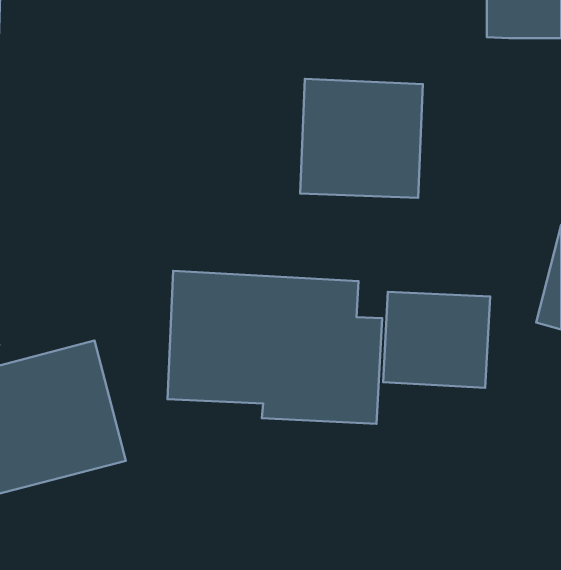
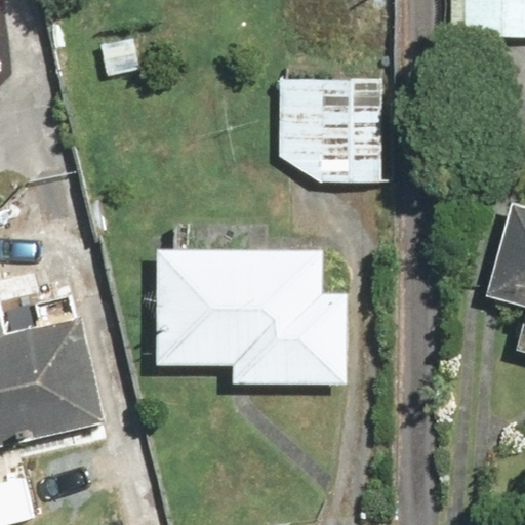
building: [383,292,490,388] -> none

